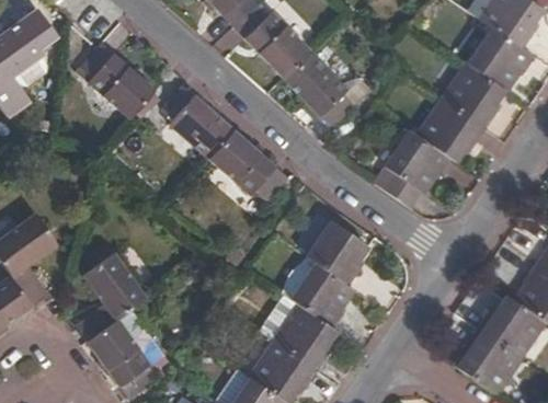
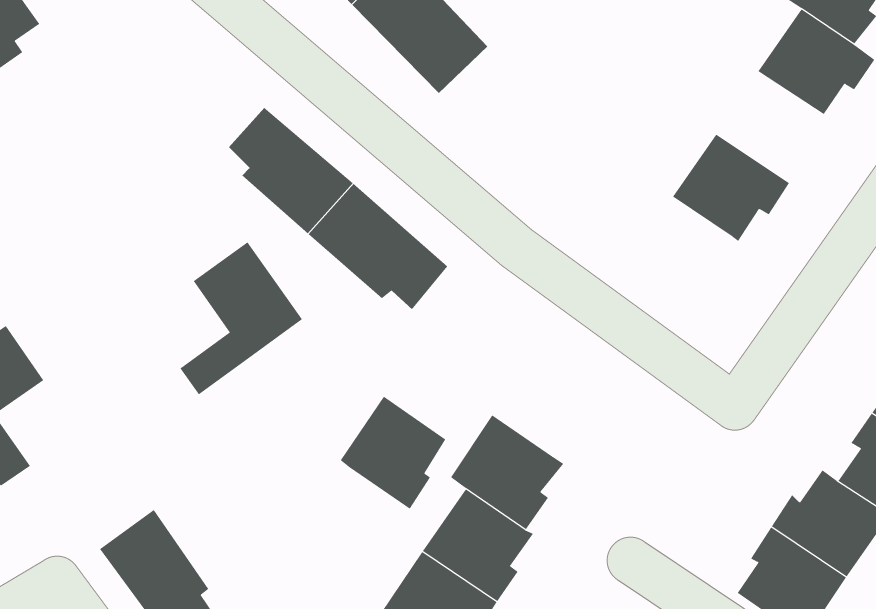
building: [81,43,155,119] -> none
building: [283,50,349,117] -> none
building: [443,65,505,129] -> none
building: [374,130,452,204] -> none
building: [308,221,369,287] -> [340,396,446,510]
building: [76,252,147,341] -> [180,241,303,395]

